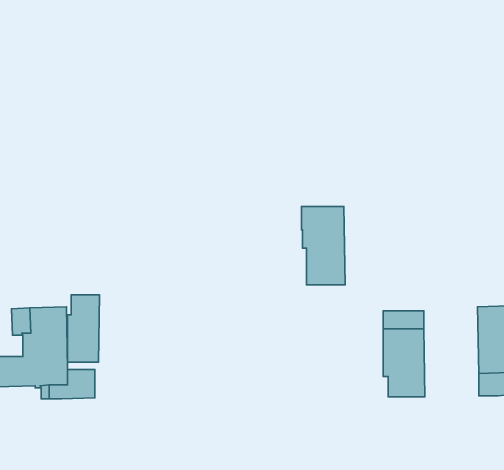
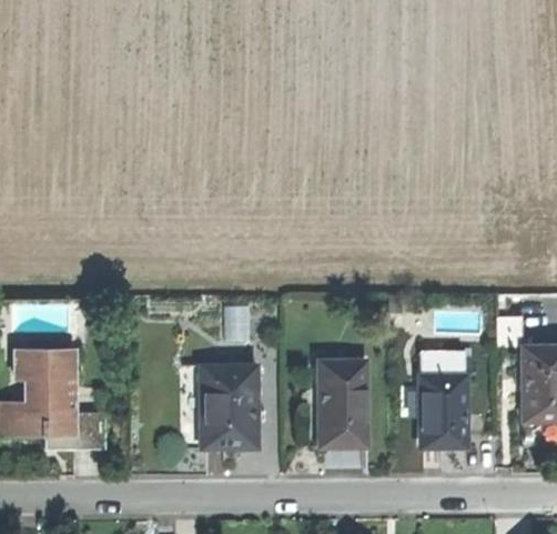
building: [301,207,345,285] -> [320,361,367,446]
building: [67,295,99,362] -> none
building: none -> [201,366,257,447]

